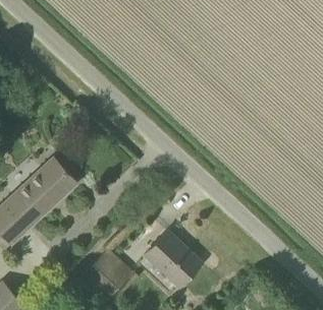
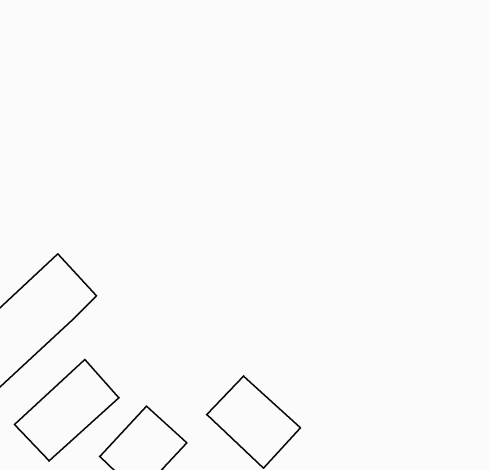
building: none -> [15,360,119,461]

